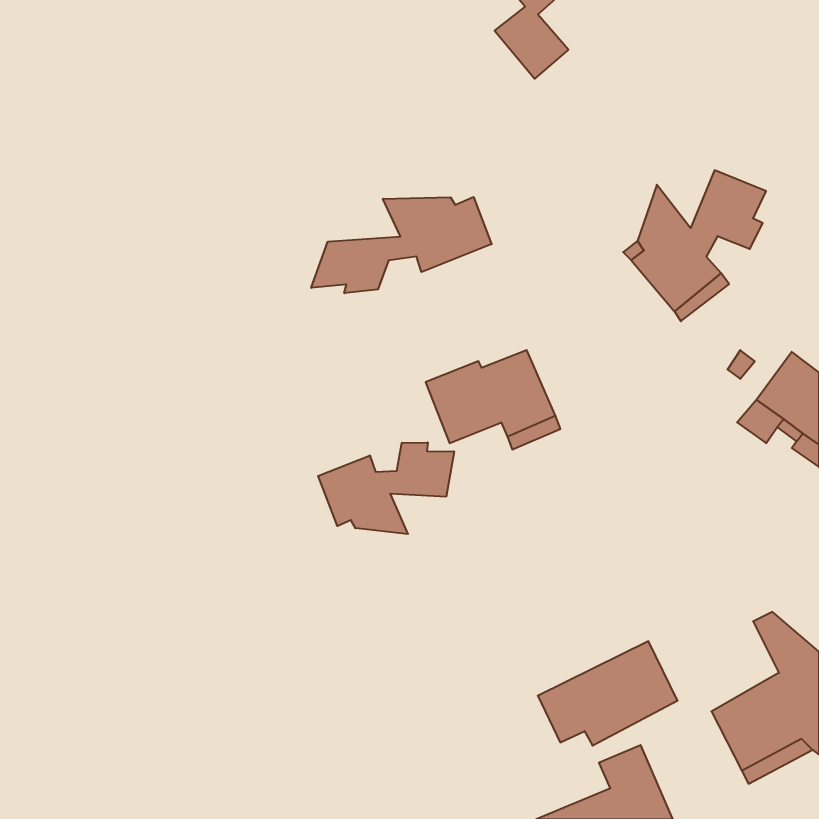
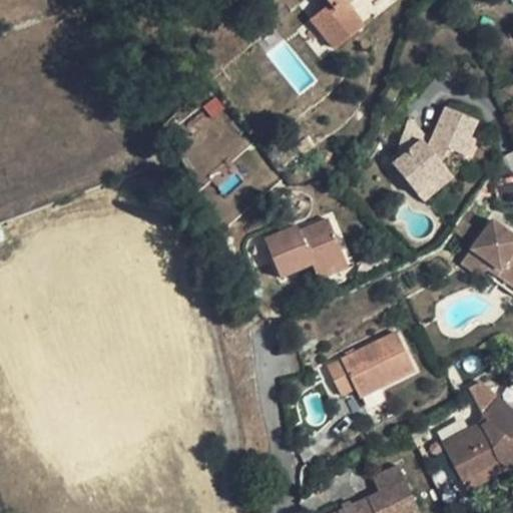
building: [311,197,492,293] -> none
building: [318,442,454,534] -> none
building: [538,641,678,746] -> [328,332,415,397]

